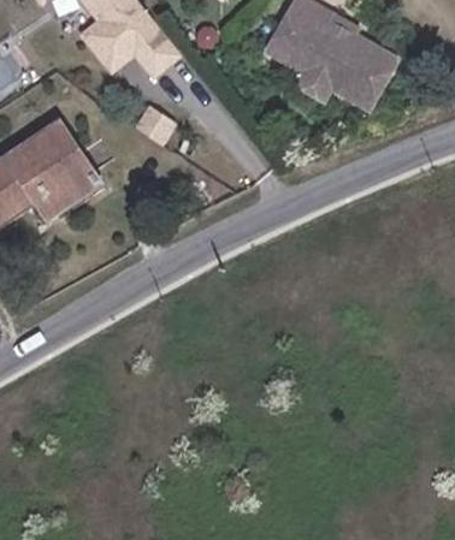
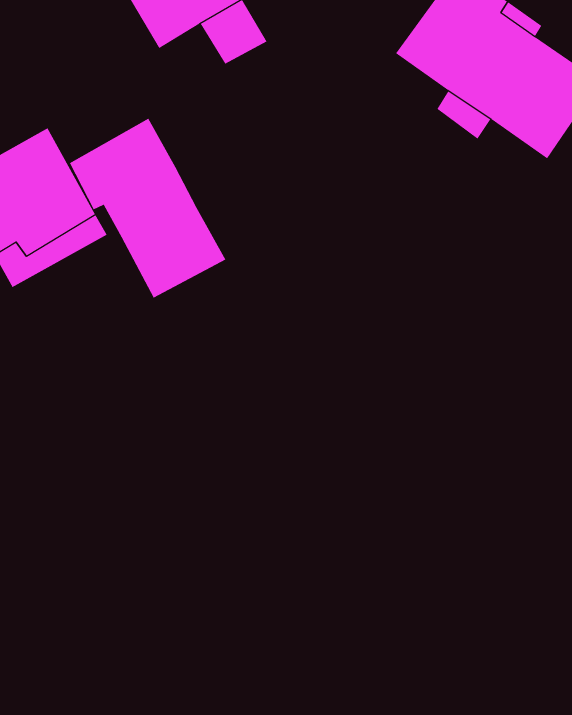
building: none -> [69,118,226,298]

